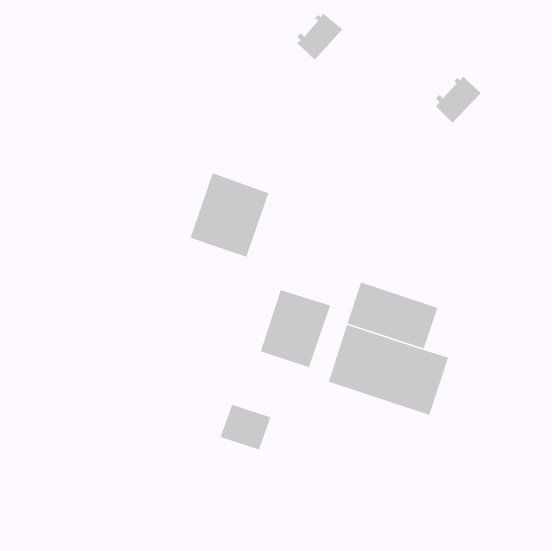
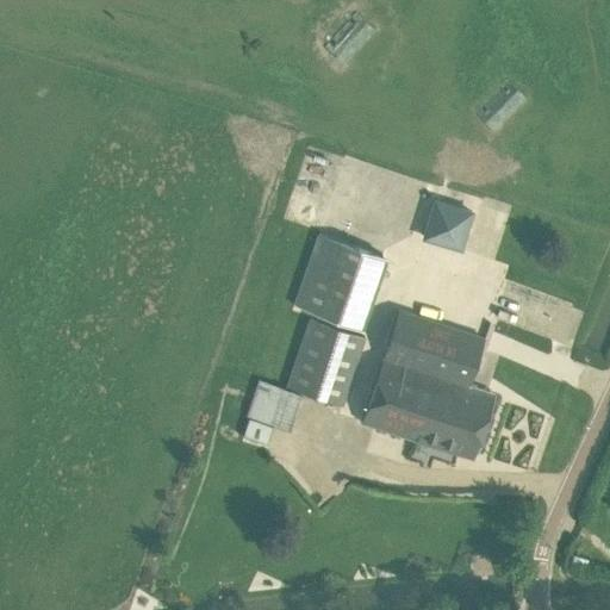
building: [189,172,270,258] -> [294,235,382,329]
building: none -> [425,204,473,251]
building: [220,404,272,450] -> [247,381,304,432]

